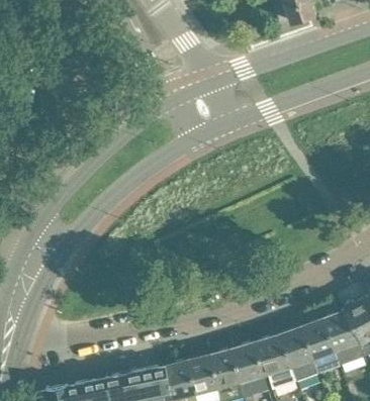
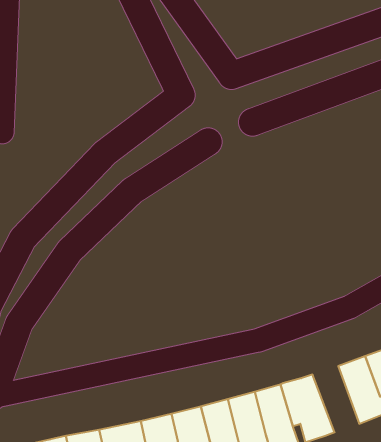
building: [278,326,316,381] -> none

